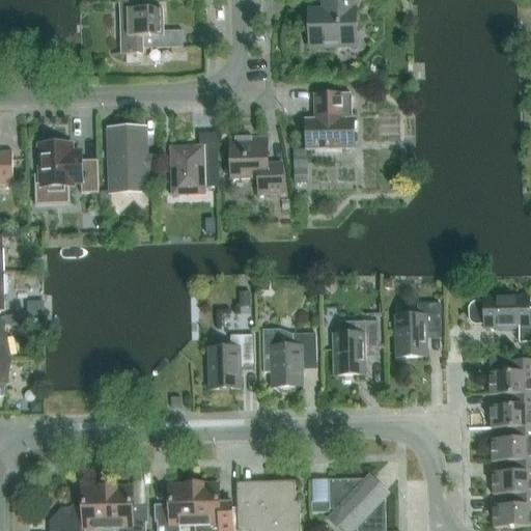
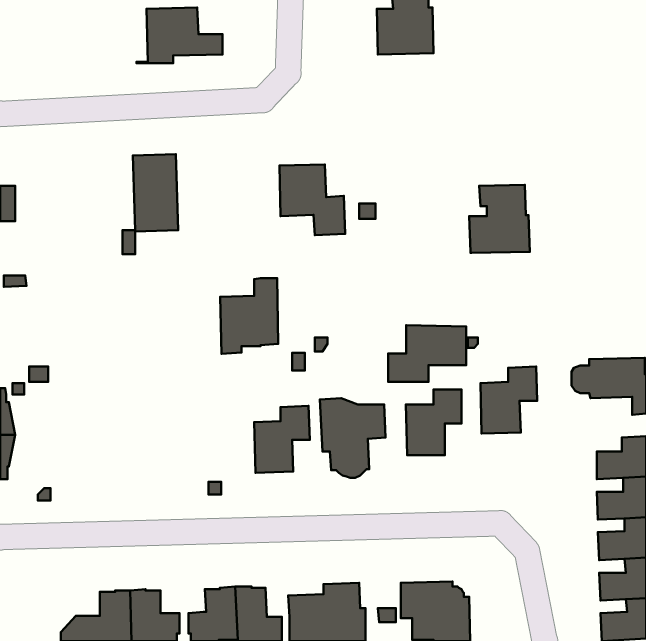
building: [305,91,355,147] -> [469,185,530,253]
building: [171,131,219,193] -> [220,278,278,354]
building: [35,142,99,203] -> none
building: none -> [388,325,466,382]

